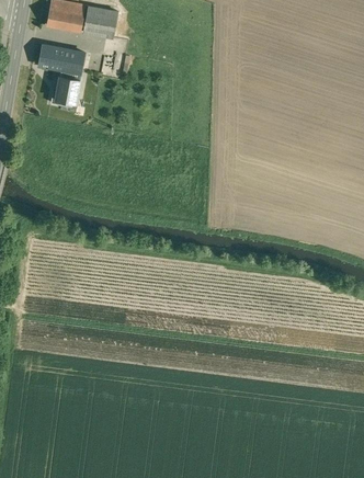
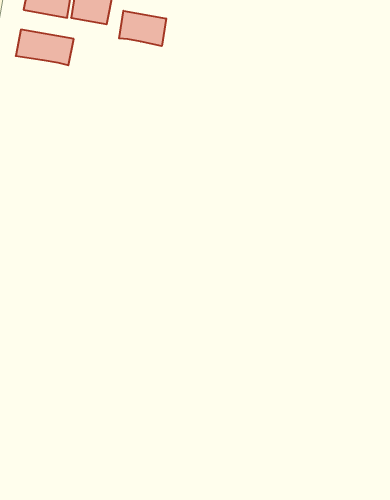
building: none -> [119,11,166,46]
building: [53,69,78,110] -> none

